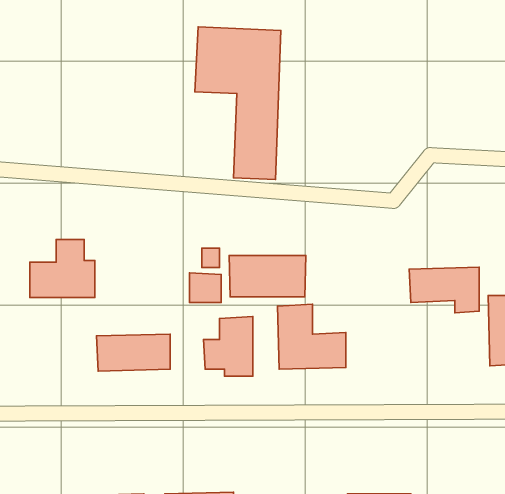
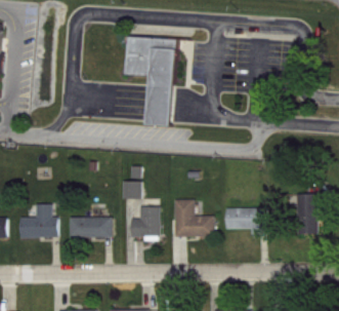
building: [30,239,95,297] -> [18,204,56,238]
building: [229,256,306,297] -> none
building: [409,267,479,313] -> [224,208,265,235]

